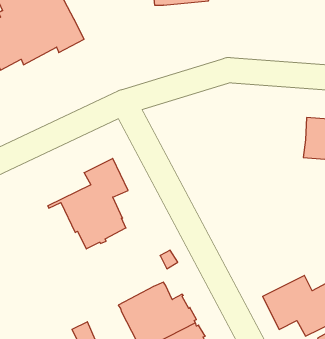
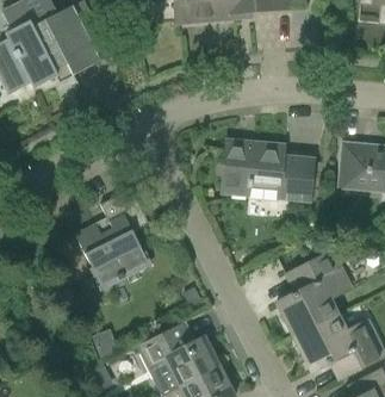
building: none -> [221,143,313,200]
building: none -> [275,252,352,337]

